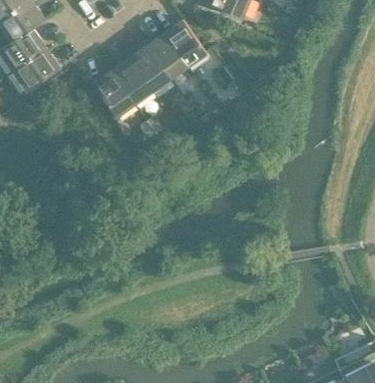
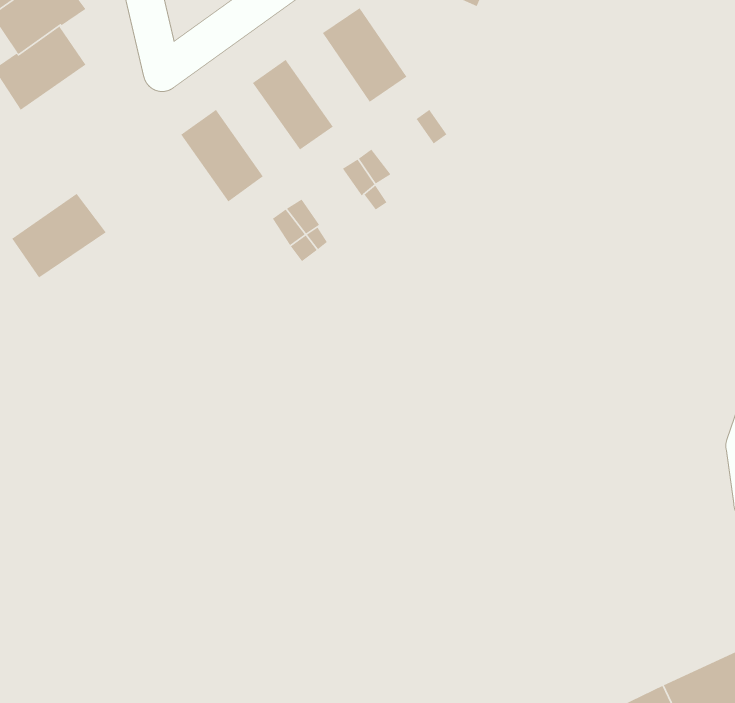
building: [145,32,188,79] -> none
building: [12,48,60,91] -> [11,193,107,279]
building: [110,57,152,104] -> none

